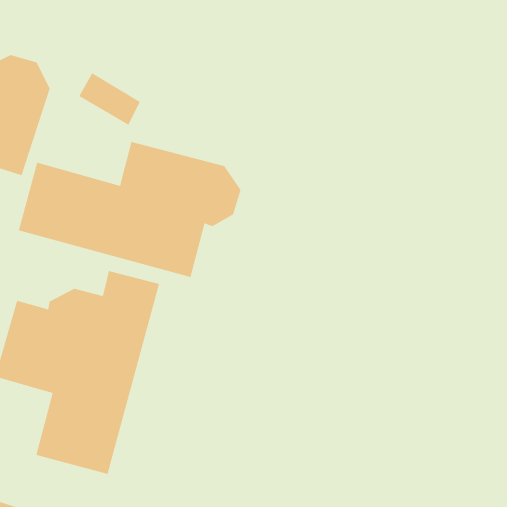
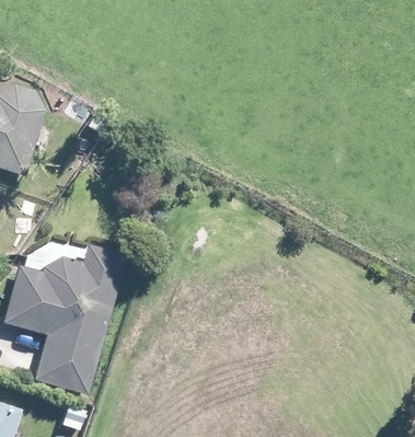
building: [18,141,241,278] -> none

